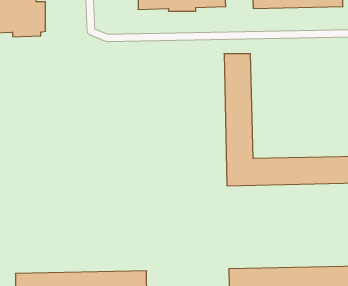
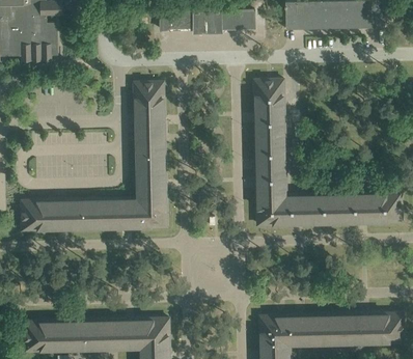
building: none -> [22,83,167,231]

